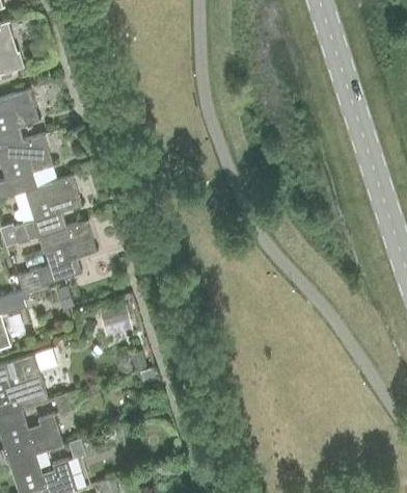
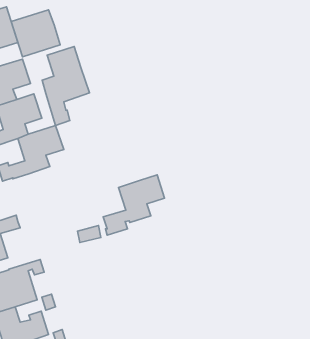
building: none -> [11,10,60,57]
building: none -> [42,47,90,125]
building: [19,220,98,299] -> [103,175,165,235]

